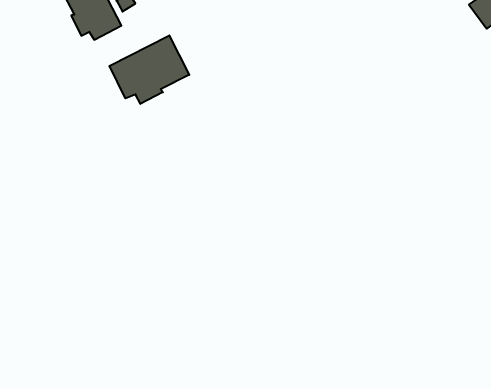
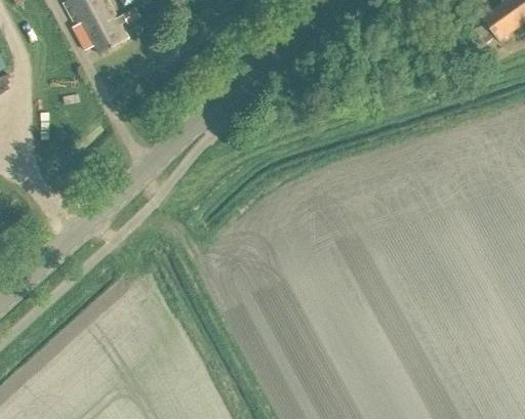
building: [109,35,189,104] -> none

